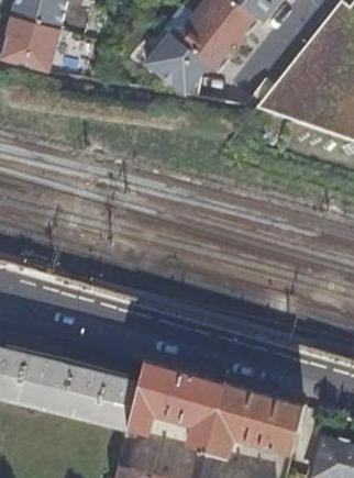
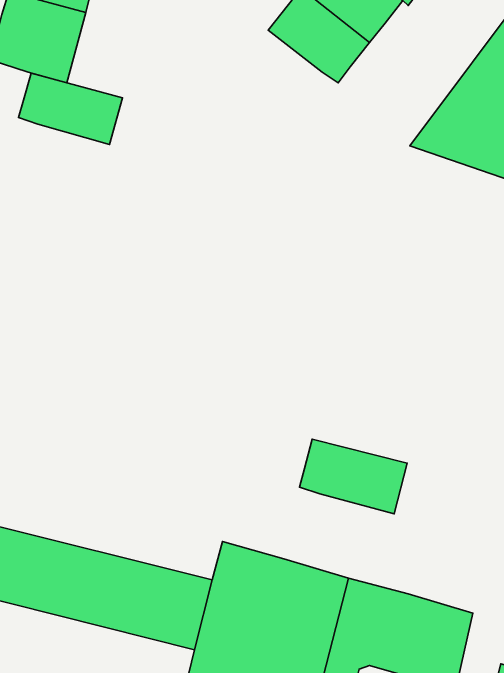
building: [144,33,208,97] -> none
building: none -> [19,73,122,144]
building: none -> [300,439,407,514]

